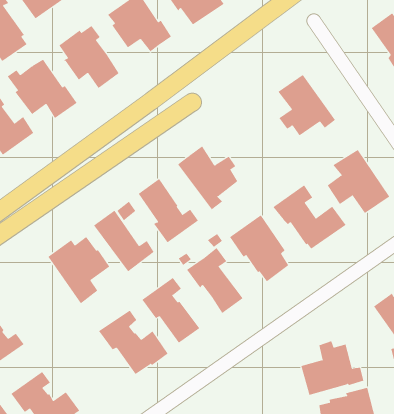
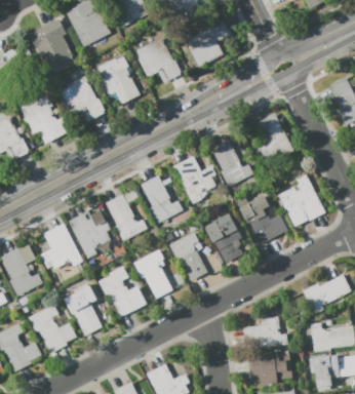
building: none -> [211,140,252,188]
building: none -> [40,224,82,269]
building: none -> [63,283,102,336]

